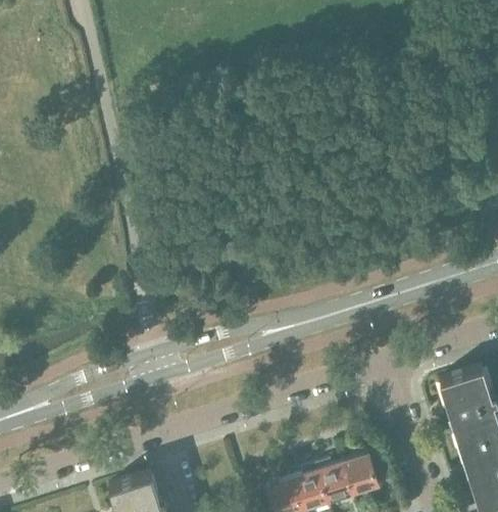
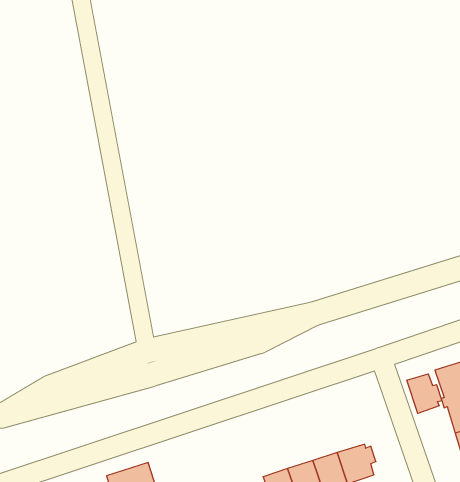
building: none -> [407,374,442,413]

